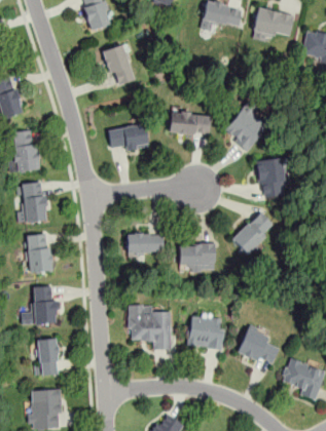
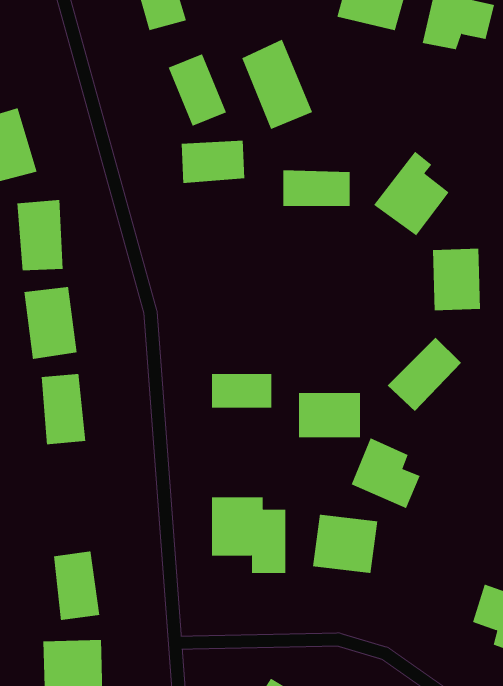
building: none -> [241,39,313,130]
building: [110,125,148,151] -> [181,140,245,184]
building: [23,285,59,325] -> none
building: [238,324,279,366] -> [351,437,421,509]

